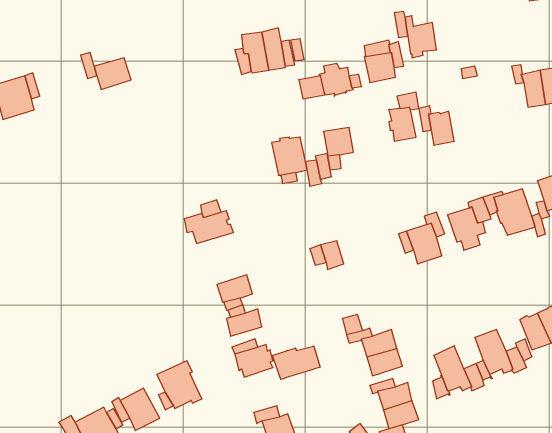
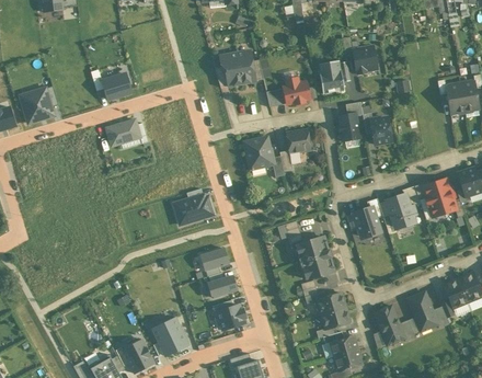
building: none -> [106,119,140,146]
building: none -> [296,237,334,278]
building: [272,346,320,379] -> none

